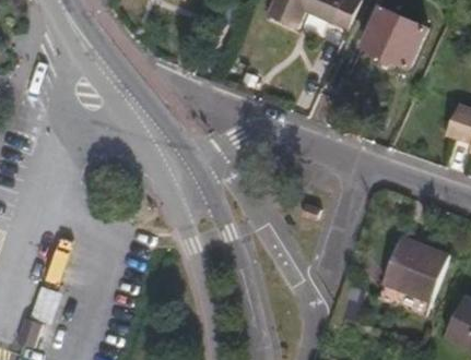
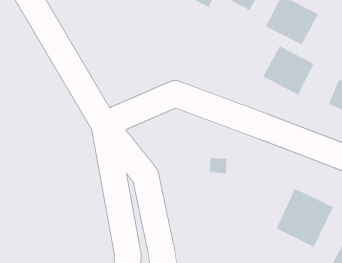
building: none -> [263,46,315,95]

